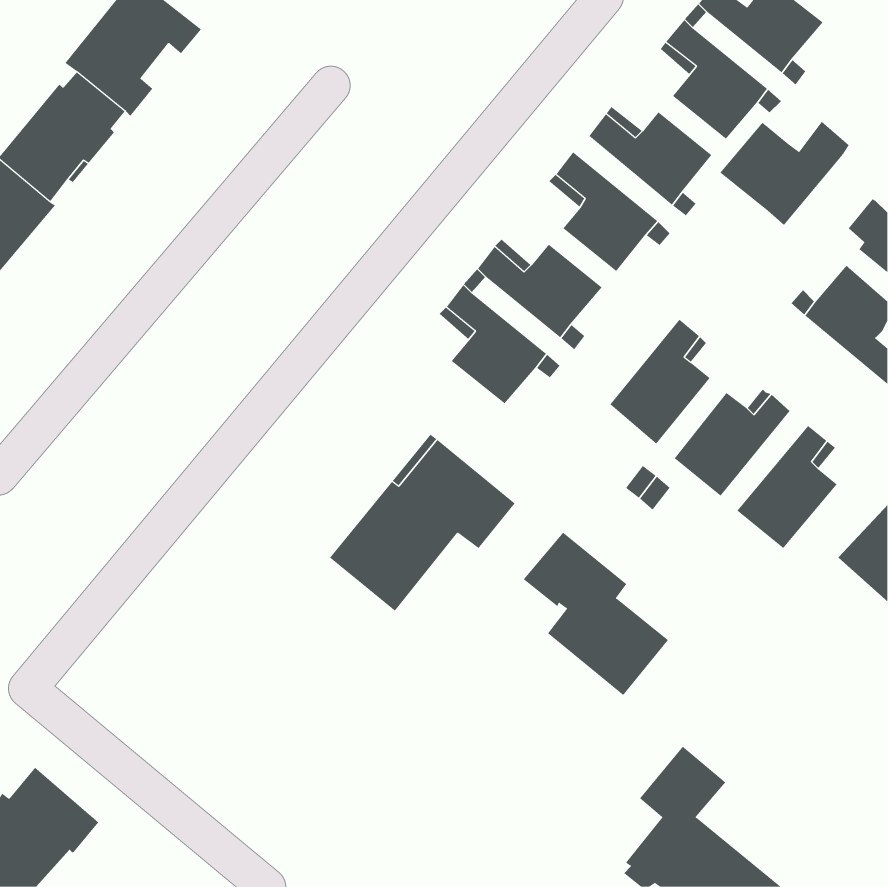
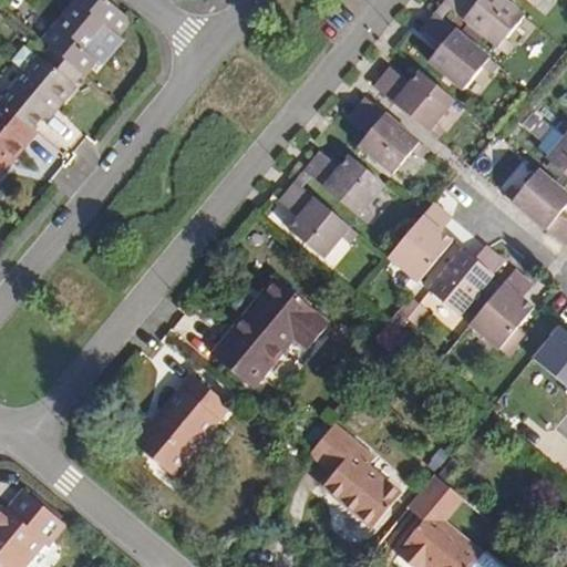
building: [720,121,849,226] -> none
building: [523,532,669,696] -> [308,423,401,527]
building: none -> [130,374,228,477]

